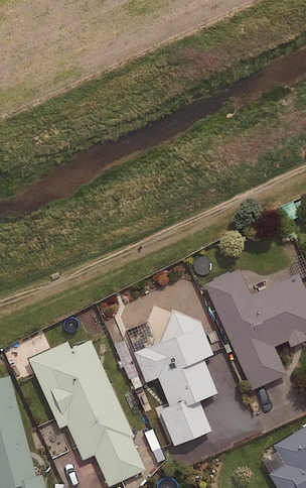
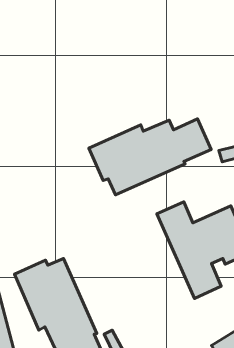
building: none -> [89,119,211,195]
building: [134,314,215,446] -> none

